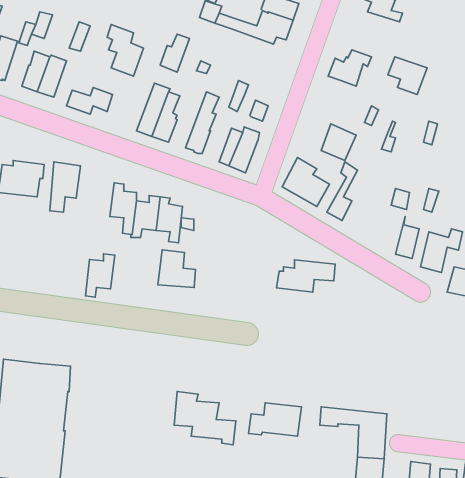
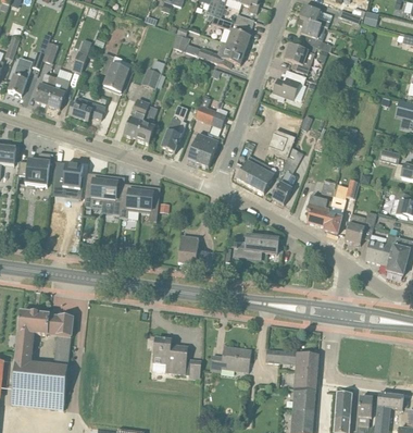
building: [388,57,427,95] -> [285,44,315,73]
building: none -> [308,195,333,230]
building: [158,250,196,288] -> [178,235,208,264]
building: [85,254,115,297] -> [84,173,107,207]

